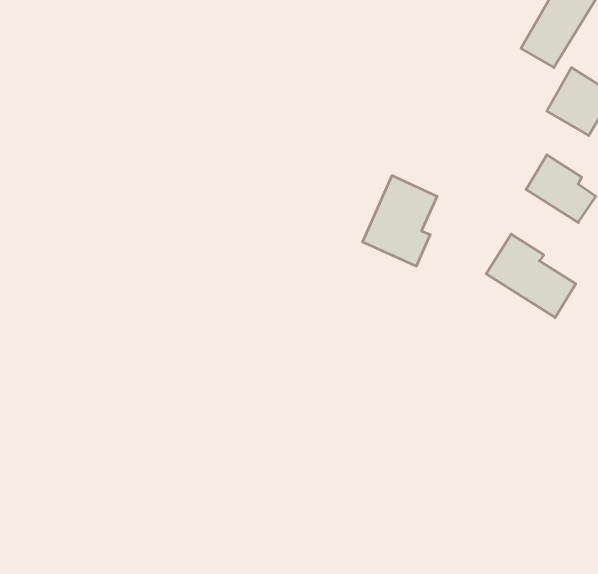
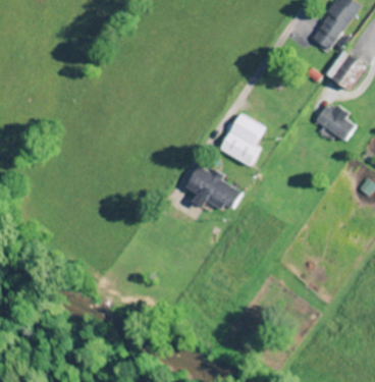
building: [486,234,576,318] -> none
building: none -> [184,166,243,212]

